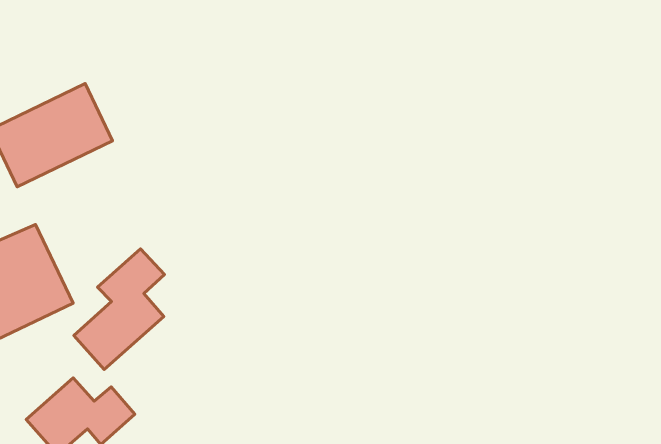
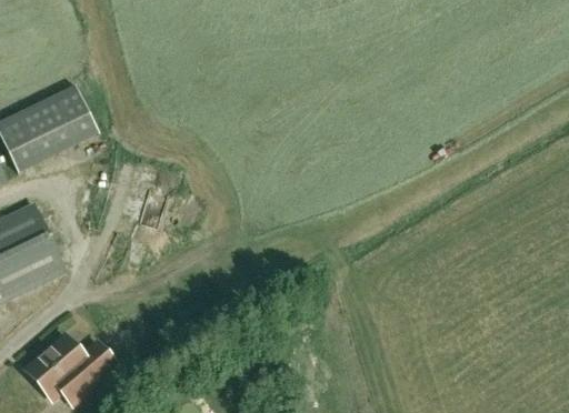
building: [74,249,164,370] -> none

